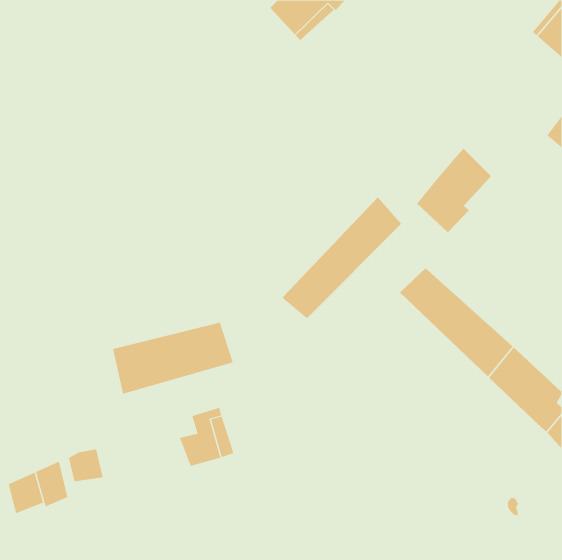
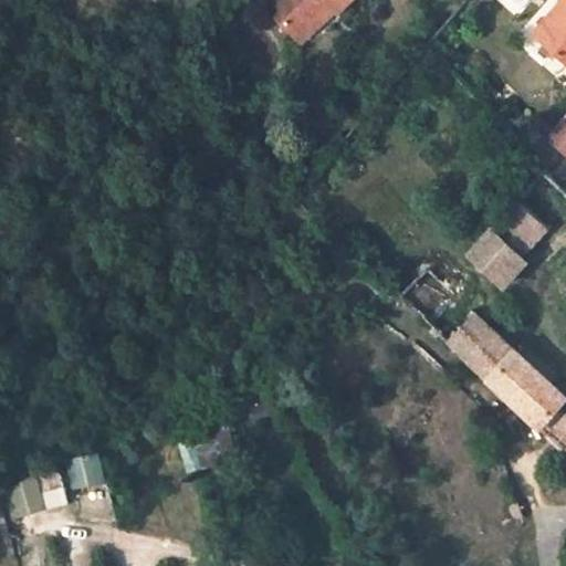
building: [416,147,492,233] -> [472,200,548,286]
building: [281,196,402,319] -> none
building: [112,322,233,394] -> none

